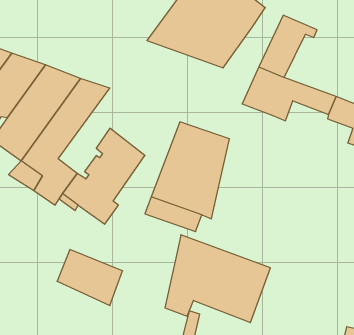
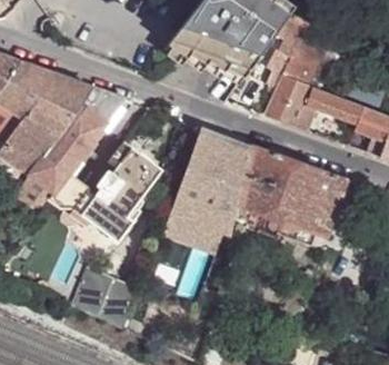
building: none -> [257,14,308,116]
building: [165,235,270,323] -> [236,146,347,238]

